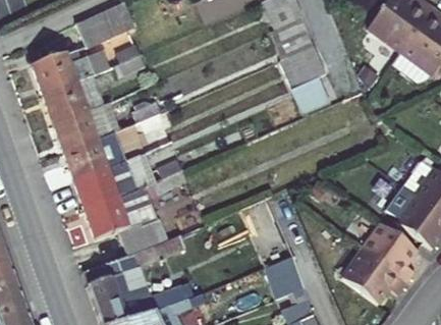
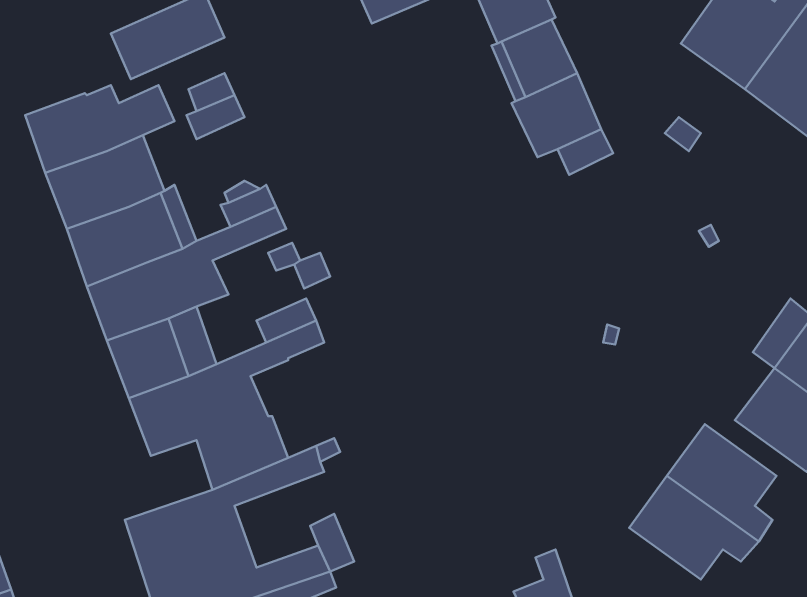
building: [264,257,302,299] -> none

